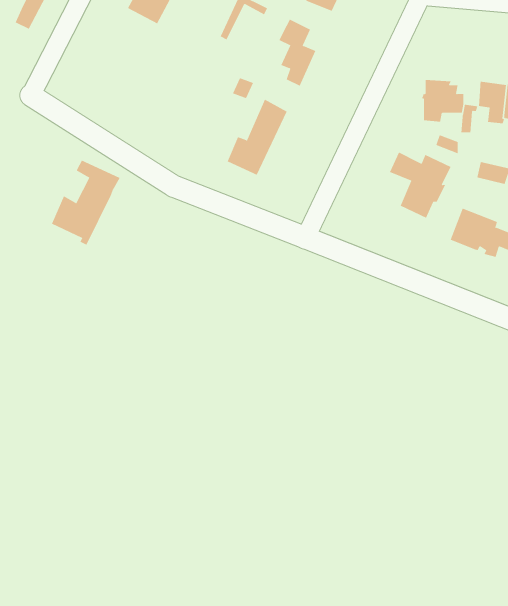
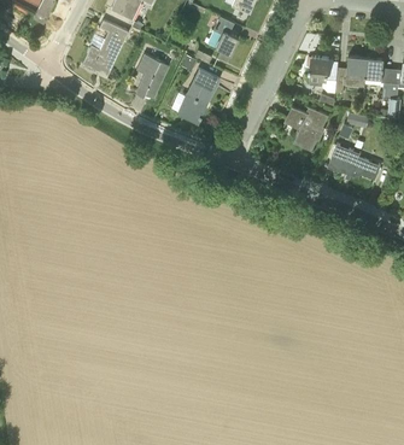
building: none -> [135,53,168,98]
building: [51,160,121,245] -> [82,19,129,77]

